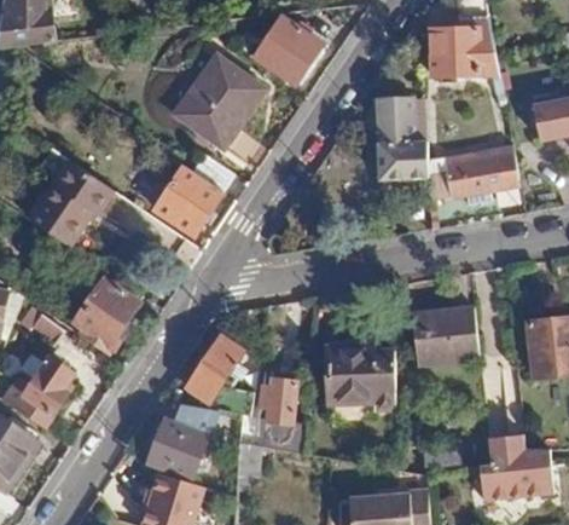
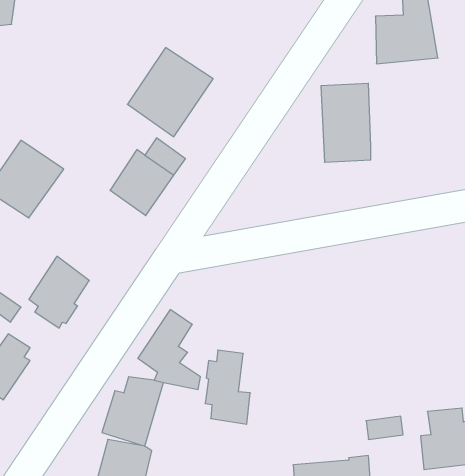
building: [265,22,325,83] -> none
building: [428,148,518,198] -> none
building: [417,310,478,370] -> none
building: [325,344,391,411] -> none

